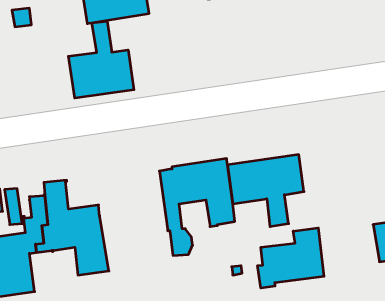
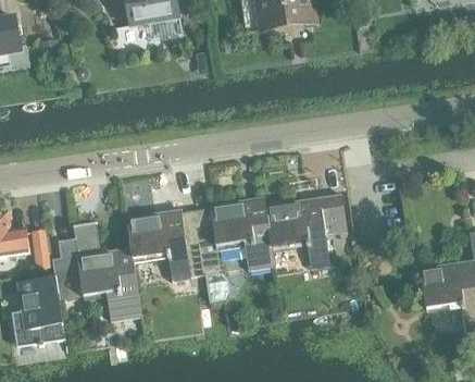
building: [68,21,134,98] -> none
building: none -> [125,209,203,280]
building: [258,228,324,288] -> none

